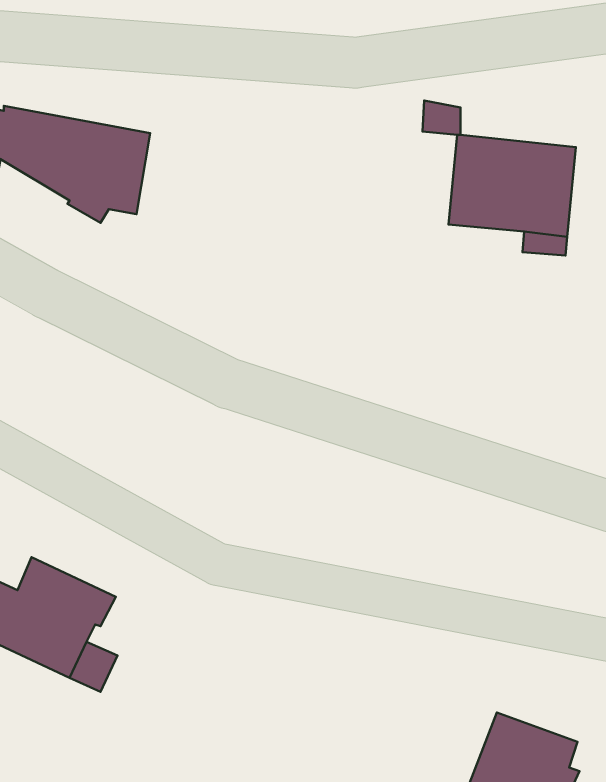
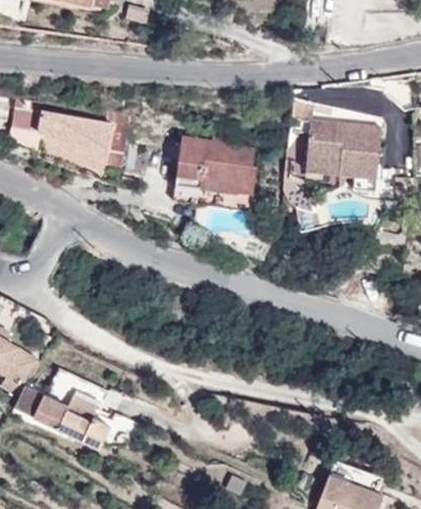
building: none -> [172,137,256,212]

